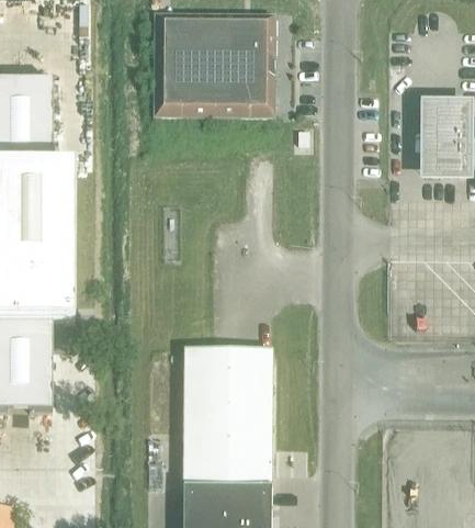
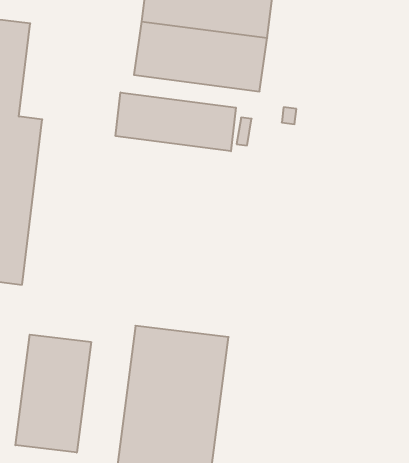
building: none -> [116,92,236,151]
building: none -> [15,335,91,453]

